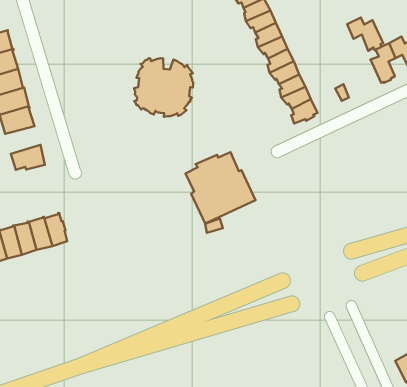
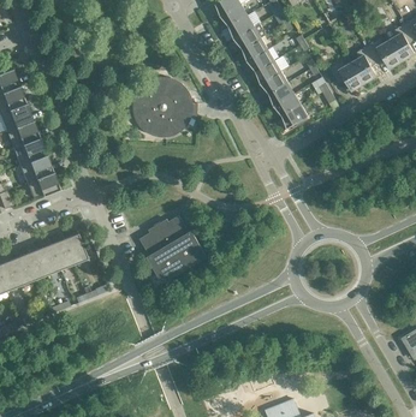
building: [347,18,383,51] -> [328,61,363,91]
building: none -> [19,155,53,183]
building: [185,152,256,224] -> [138,215,206,284]

